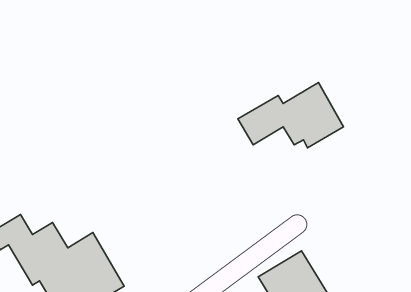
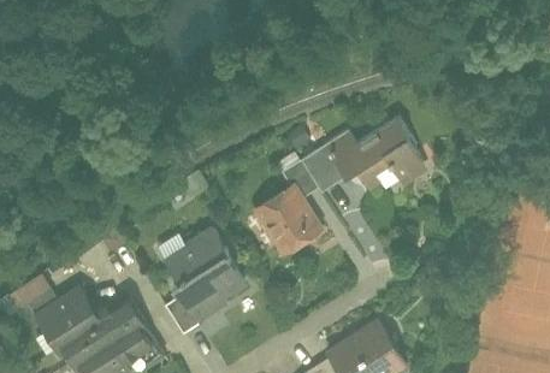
building: none -> [254,160,323,254]
building: none -> [161,229,246,333]

